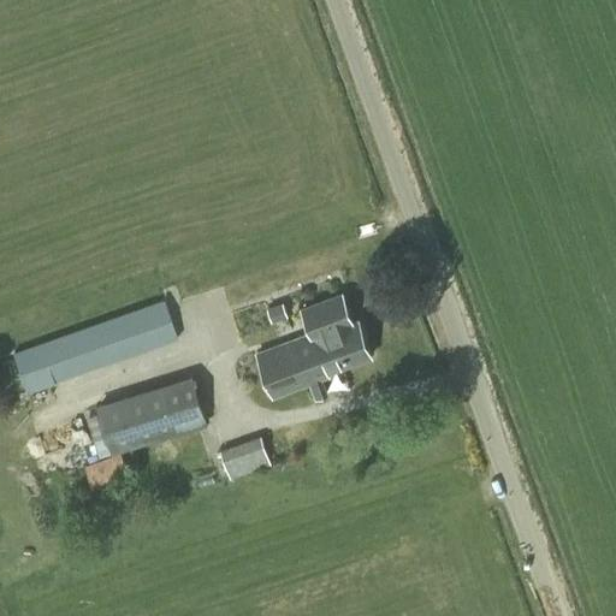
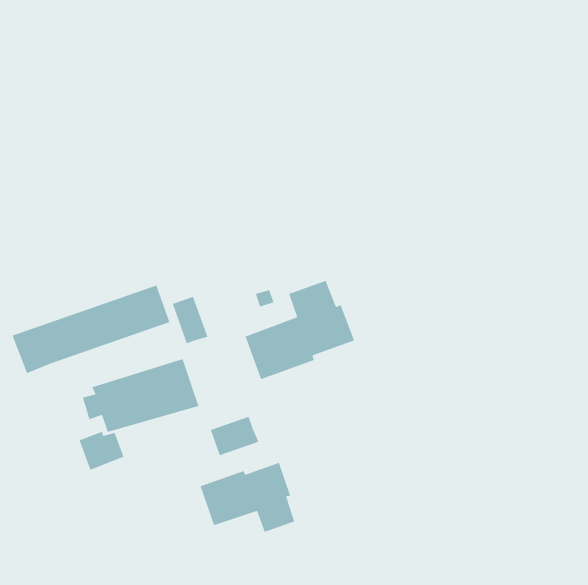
building: none -> [172,296,209,344]
building: none -> [200,462,295,533]

